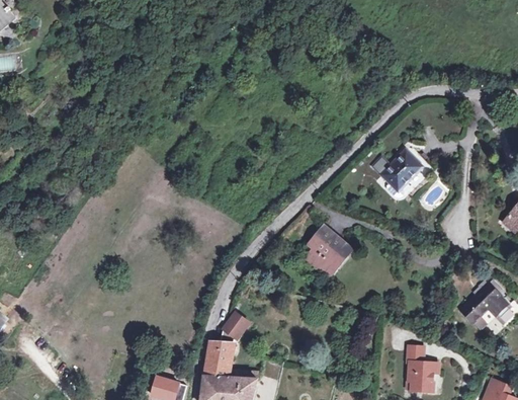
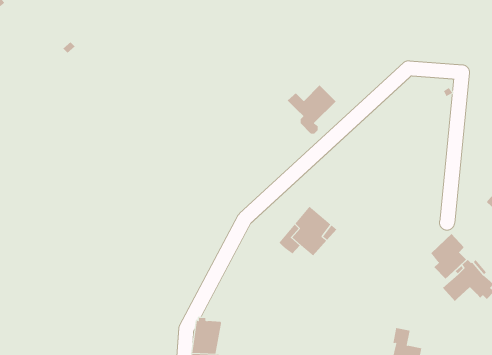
building: [372,149,423,199] -> [287,85,336,134]
building: none -> [430,233,467,280]
building: [220,312,248,343] -> none

